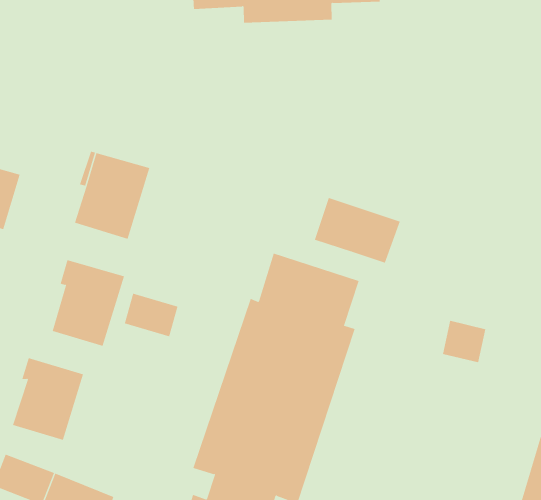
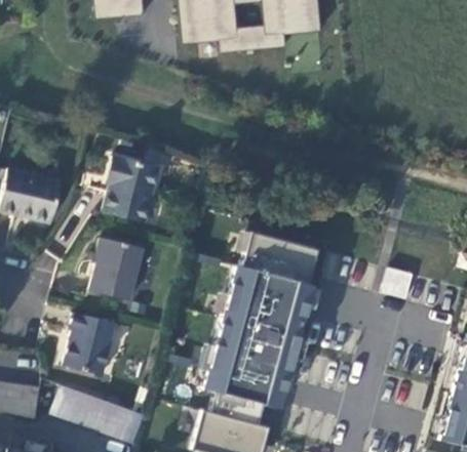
building: [314,197,400,263] -> none
building: [124,293,178,337] -> none

